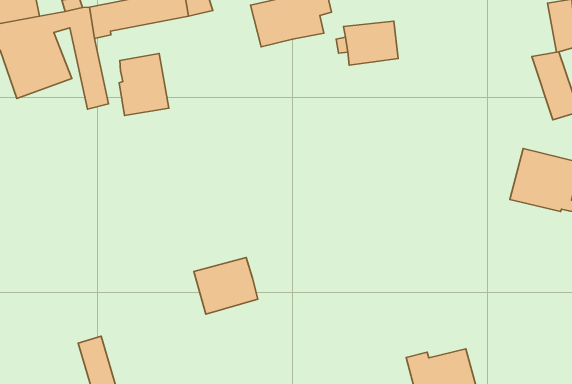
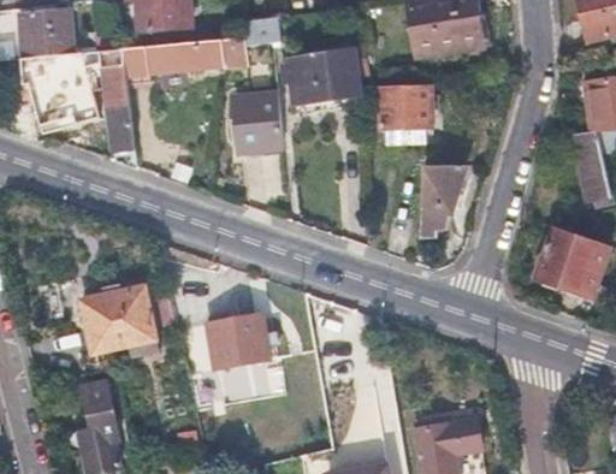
building: [119,53,169,116] -> [235,91,283,152]
building: none -> [420,168,464,233]
building: none -> [81,285,155,354]

